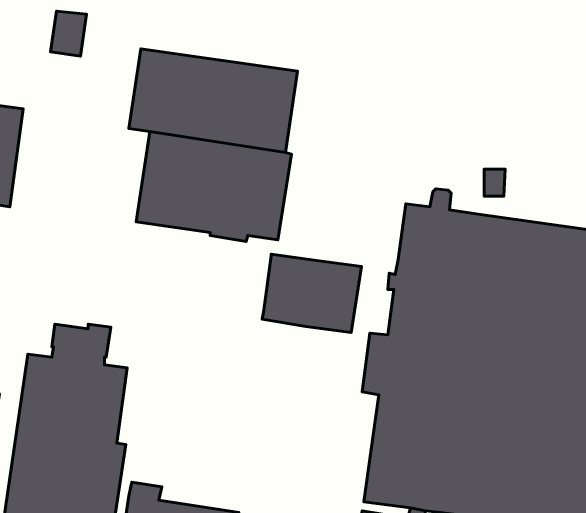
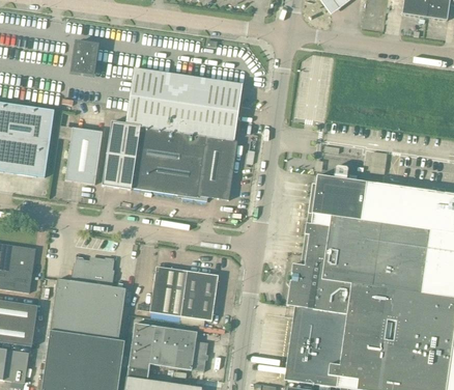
building: none -> [103,120,141,189]
building: none -> [65,127,103,184]
building: [262,254,362,333] -> [150,266,219,319]
building: none -> [129,322,208,370]

